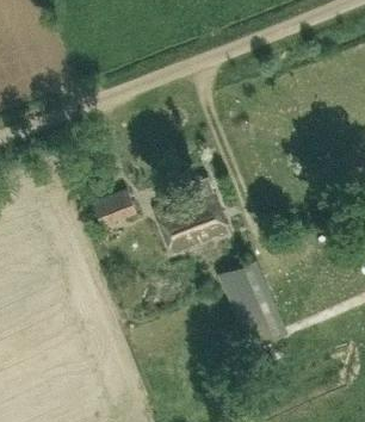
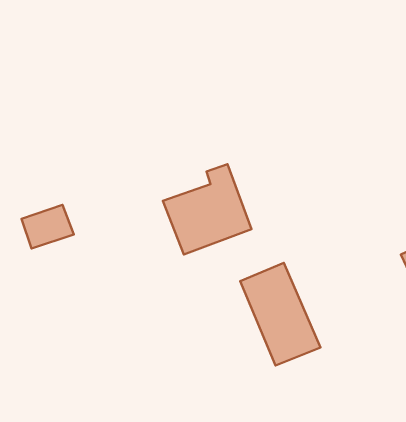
building: [93,192,137,229] -> [22,205,74,249]

